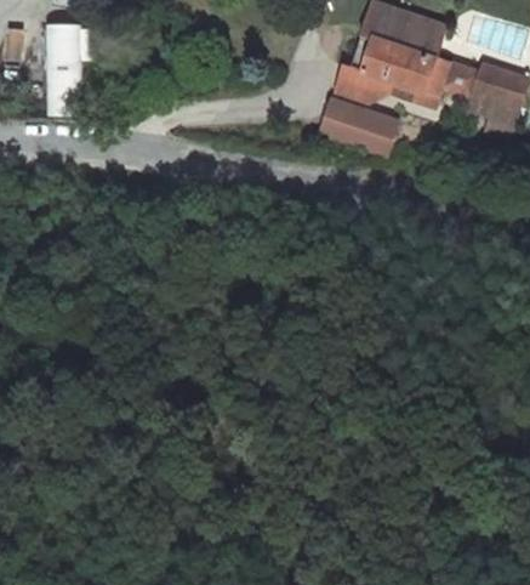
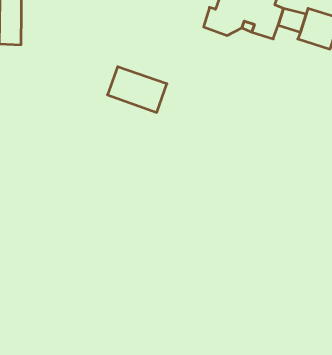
building: [317,92,401,158] -> [107,67,167,112]

